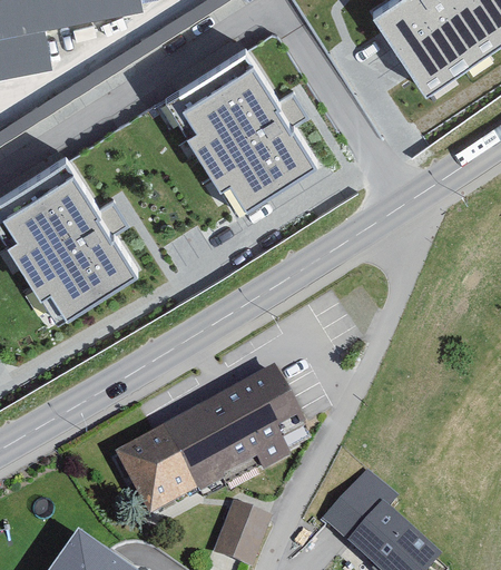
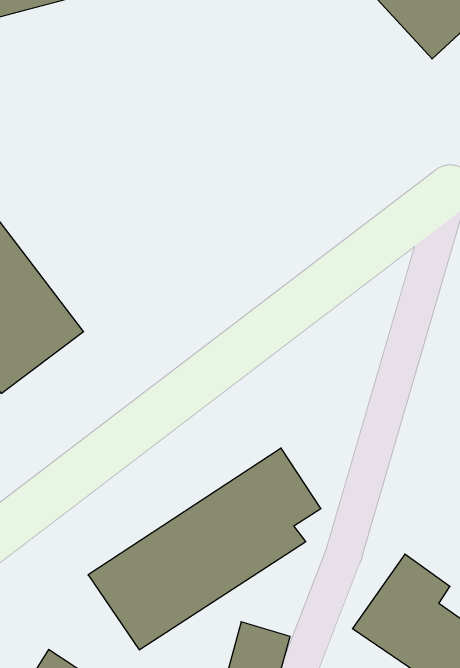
building: [177,52,313,204] -> none

